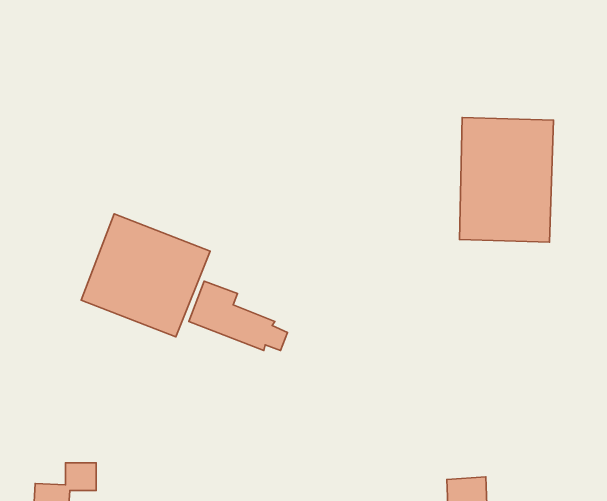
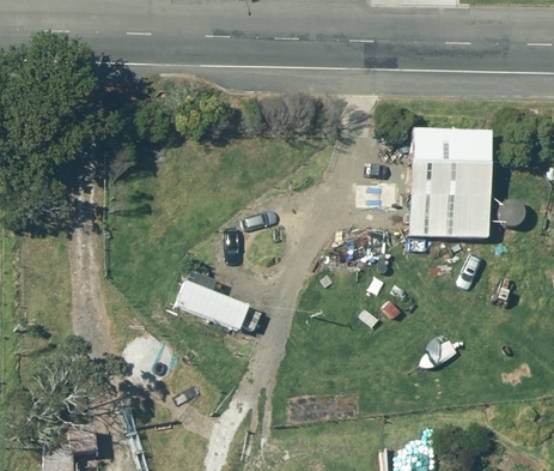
building: [81,214,210,337] -> none

